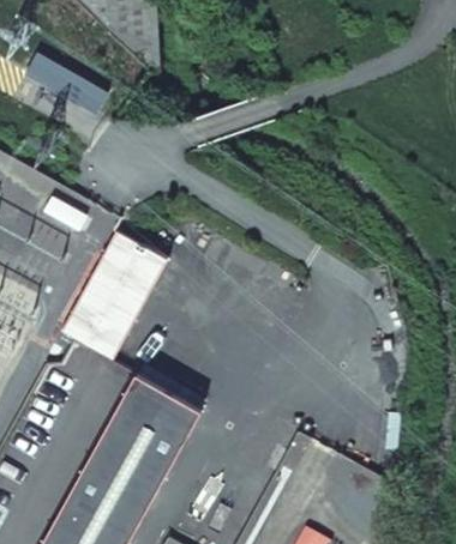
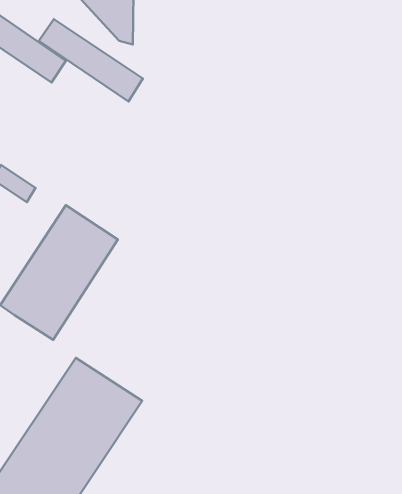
building: none -> [39,19,143,101]

